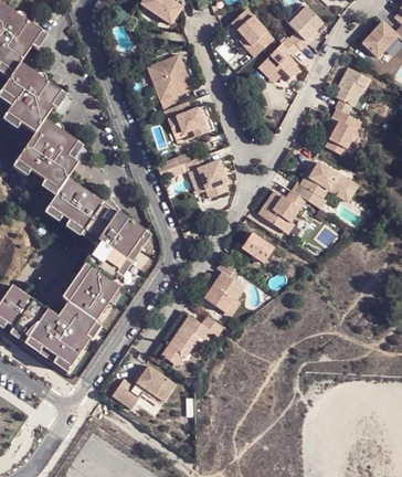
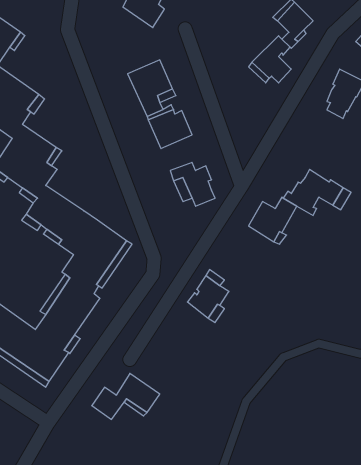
building: [232,8,274,55] -> none
building: [326,107,362,156] -> none
building: [232,231,275,261] -> none
building: [162,309,222,359] -> none

